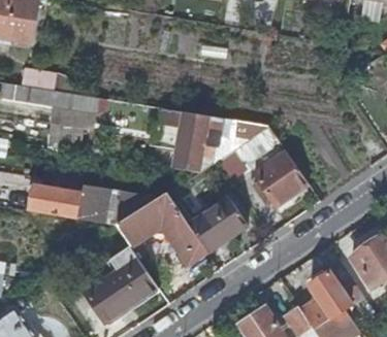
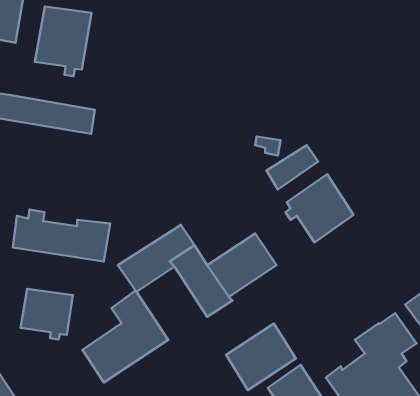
building: none -> [35,6,91,76]
building: [158,108,218,172] -> none
building: none -> [21,289,73,339]
building: none -> [226,323,296,390]

